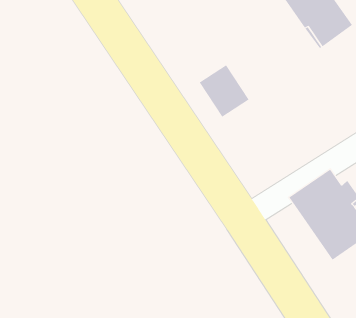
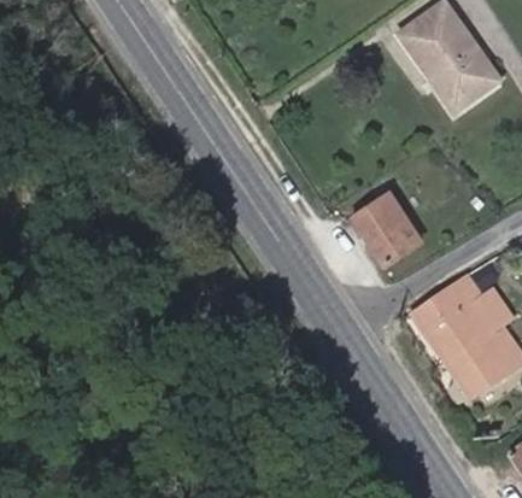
building: [199,65,250,117] -> [351,194,420,265]

